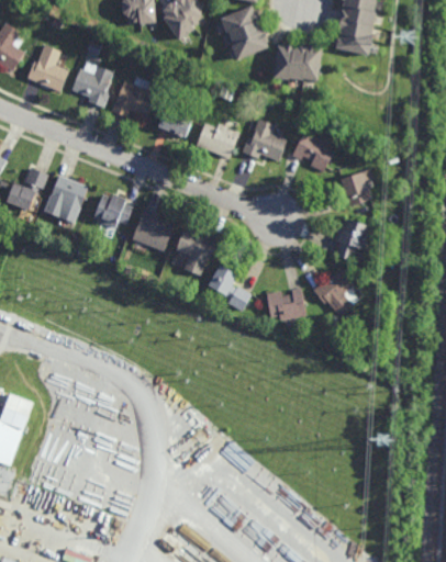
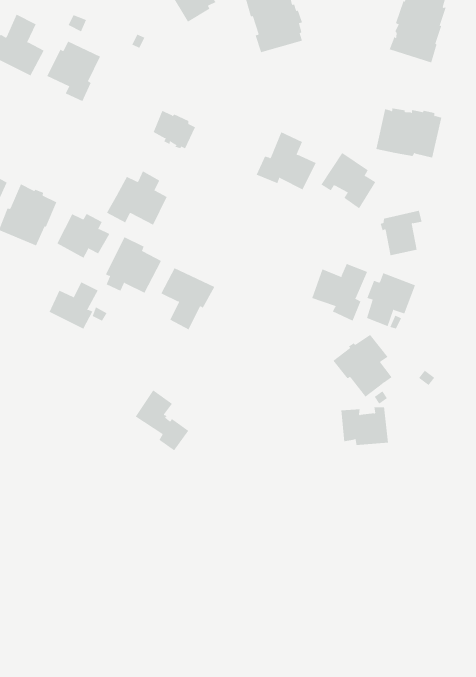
building: [272,45,322,81] -> [375,108,442,158]
building: [109,76,155,117] -> [106,171,167,226]
building: [194,124,237,159] -> none
building: none -> [311,263,368,321]
building: none -> [49,282,98,329]
building: [207,267,249,313] -> [135,389,189,451]
building: [265,290,304,322] -> [340,407,389,446]

